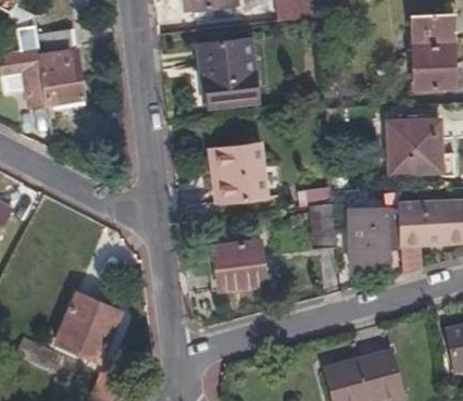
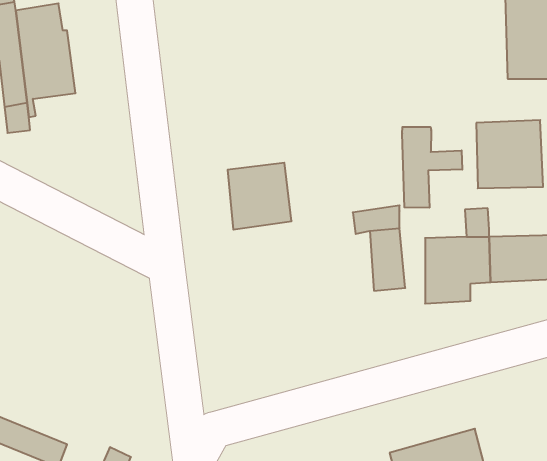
building: [197,37,260,106] -> none
building: none -> [402,127,462,208]
building: [213,227,266,287] -> none
building: [54,297,118,365] -> none

